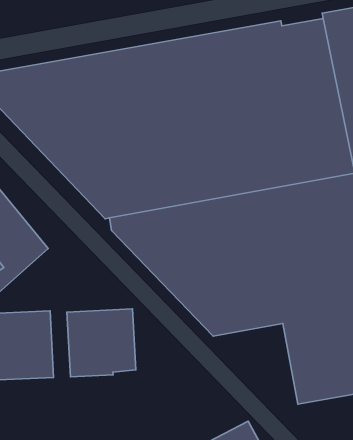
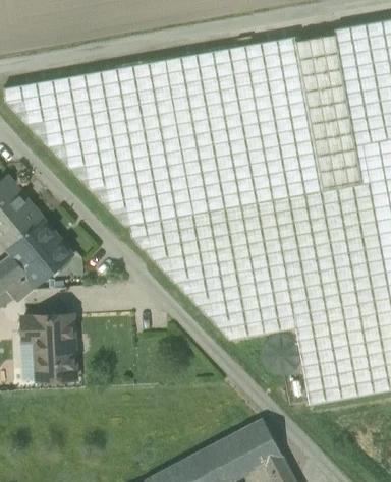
building: [67,309,136,377] -> none

